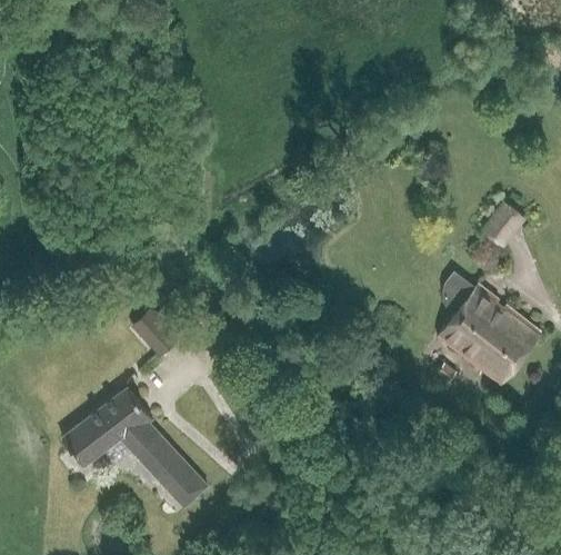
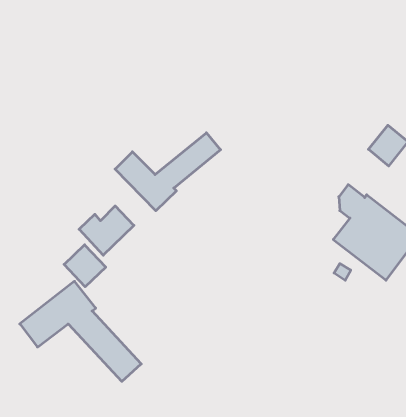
building: none -> [115,133,221,211]
building: none -> [64,245,106,287]

